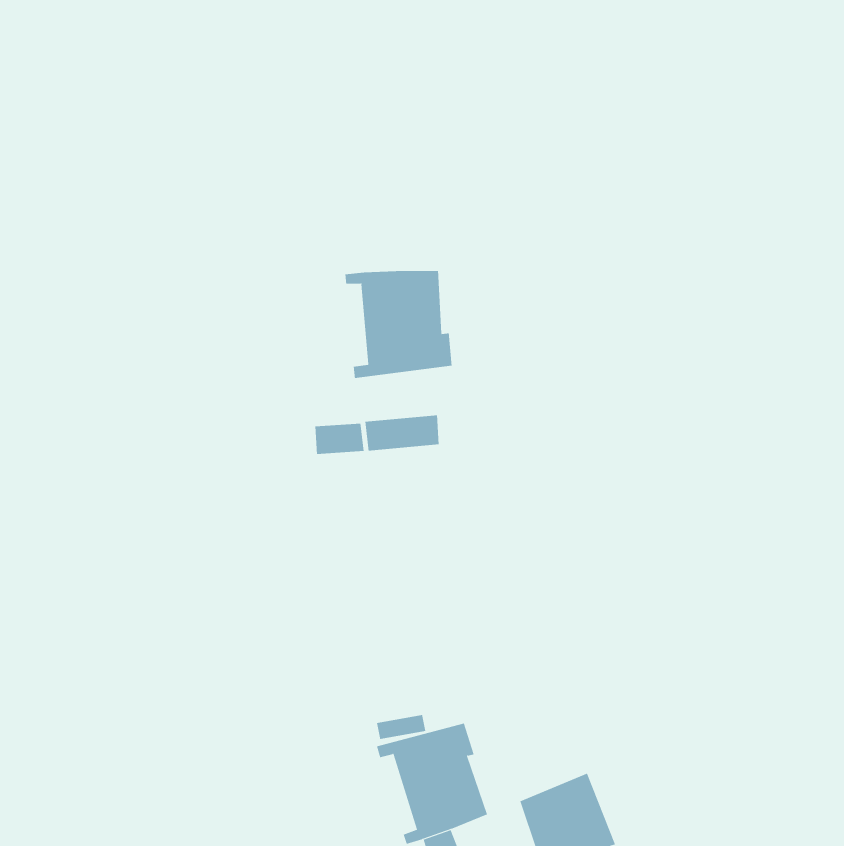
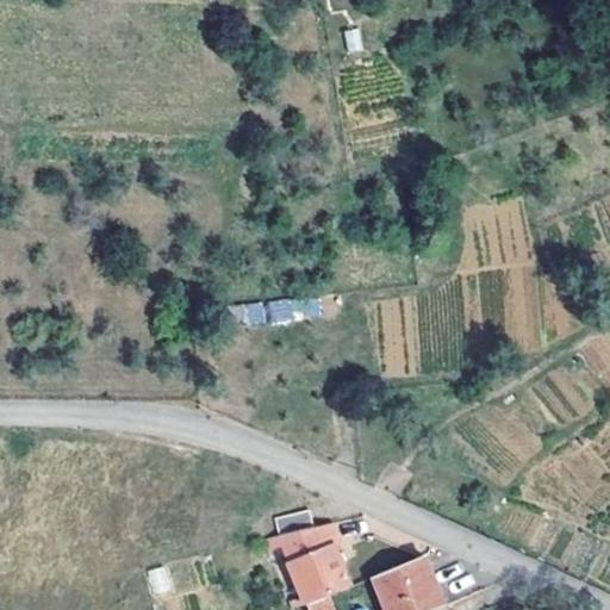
building: [345,270,452,379] -> none

